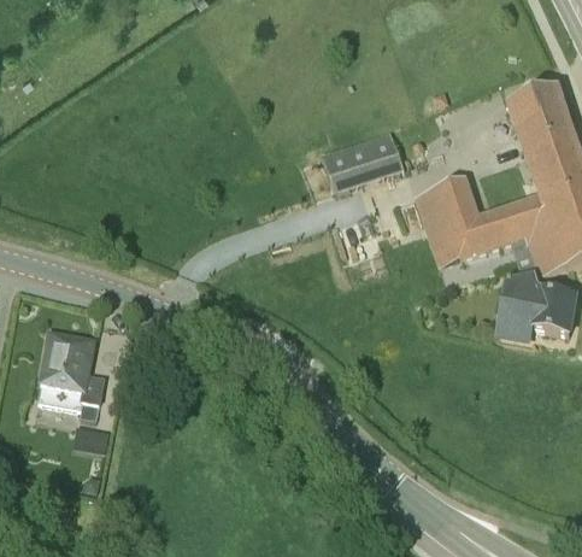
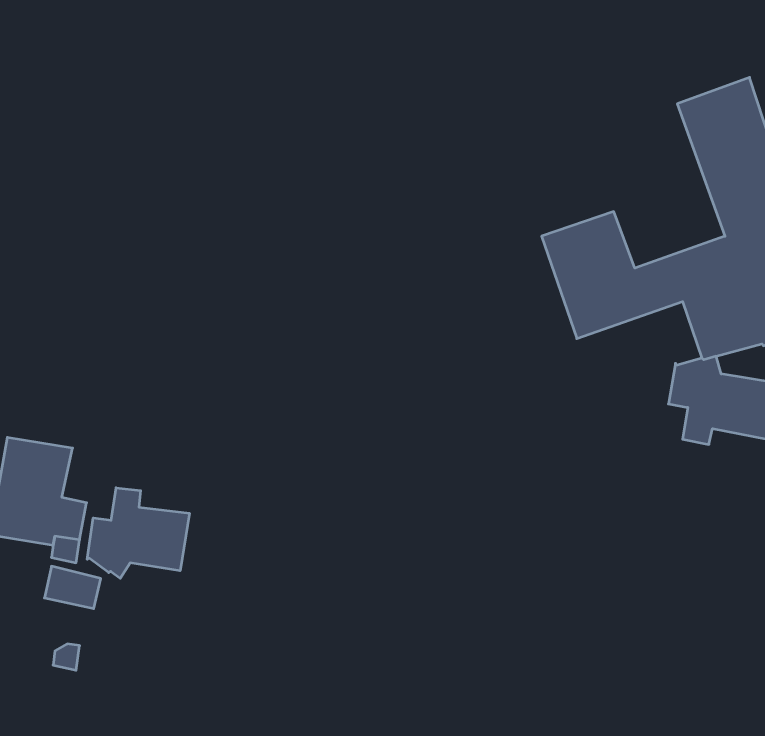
building: [322,125,407,190] -> none
building: none -> [87,488,189,578]

